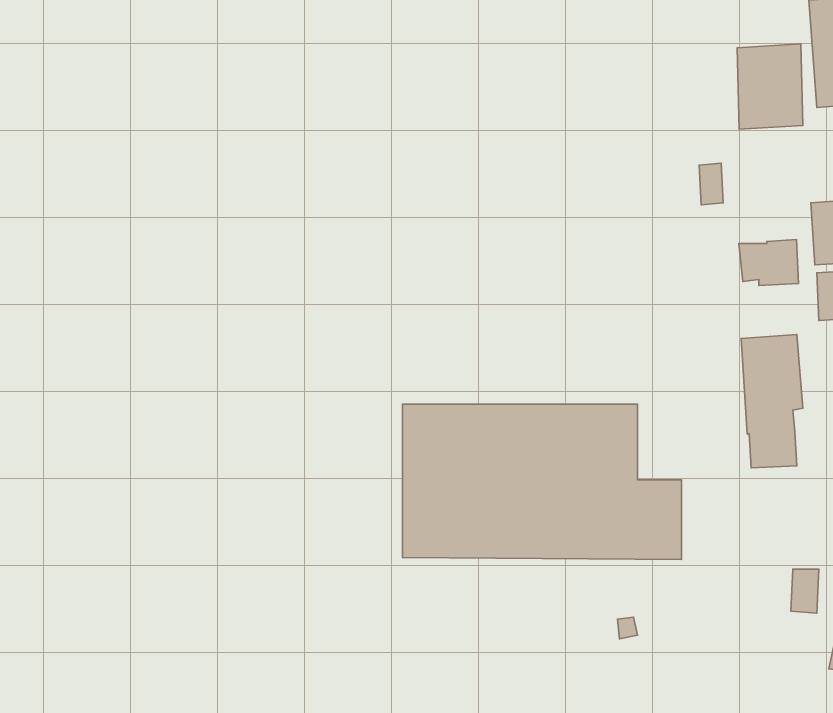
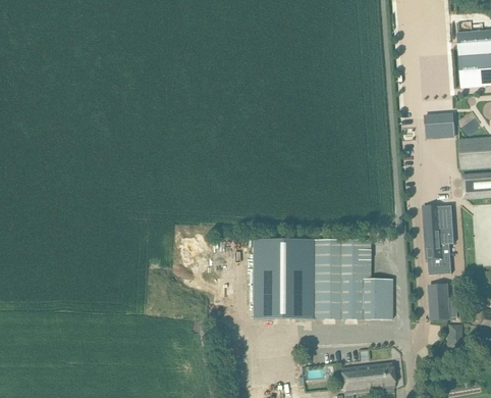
building: [739,240,799,285] -> [424,112,454,136]
building: none -> [428,284,457,317]
building: none -> [340,361,395,393]

